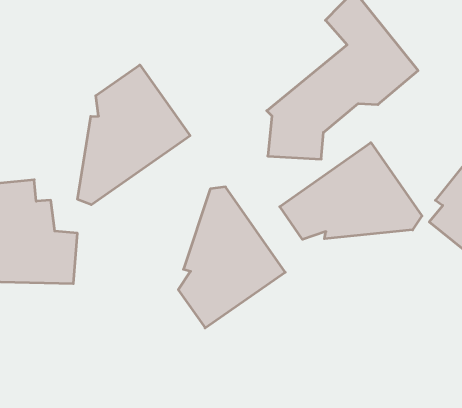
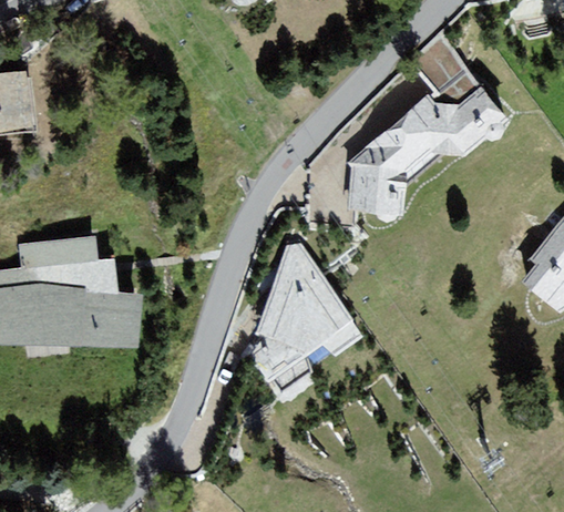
building: [78,65,190,205] -> none
building: [280,143,422,239] -> none

